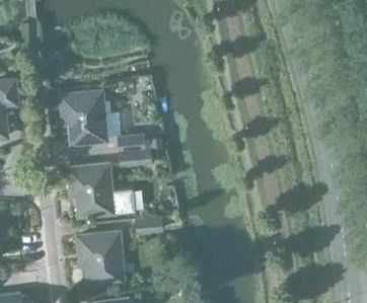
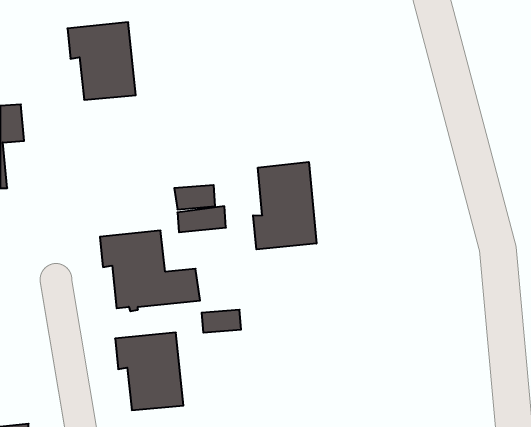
building: [60,91,105,143] -> [67,22,136,100]
building: none -> [253,162,316,249]

